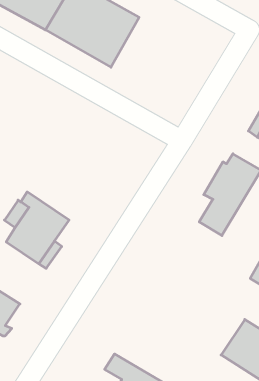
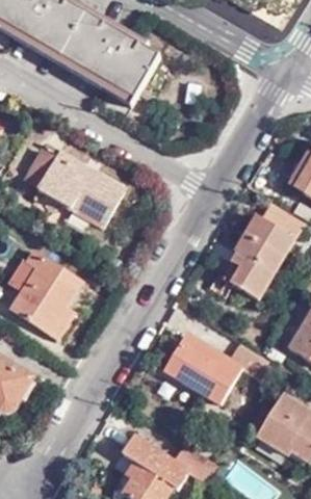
building: none -> [24,148,125,225]
building: none -> [163,333,275,402]

